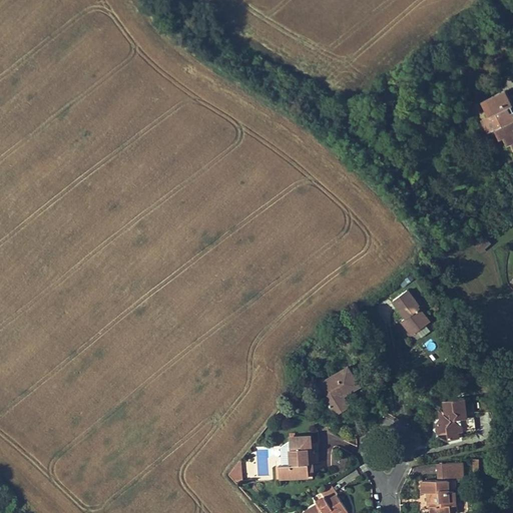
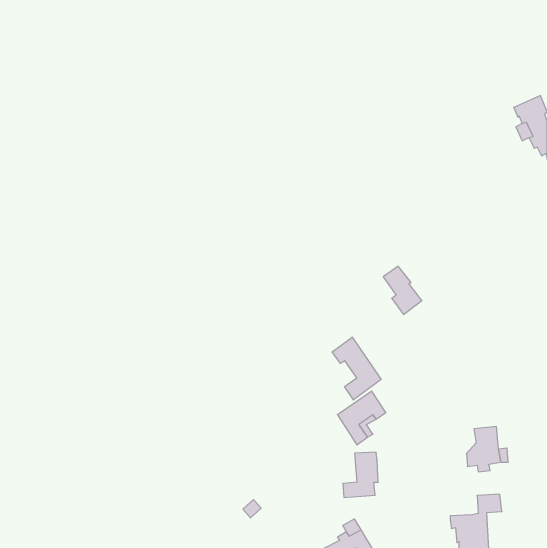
building: [391,293,427,338] -> [383,266,422,315]
building: none -> [332,337,381,400]
building: [278,438,311,480] -> [343,452,378,497]

